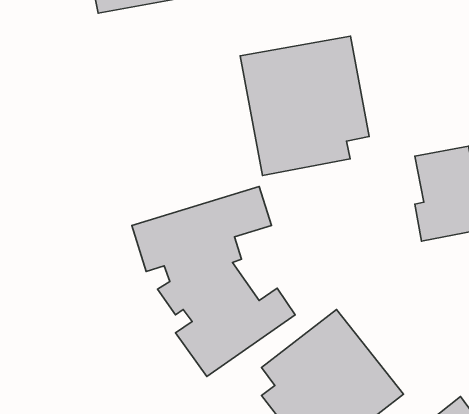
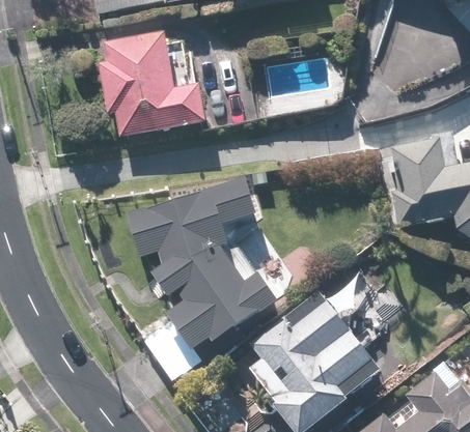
building: none -> [96,31,208,136]
building: [240,36,369,176] -> none

